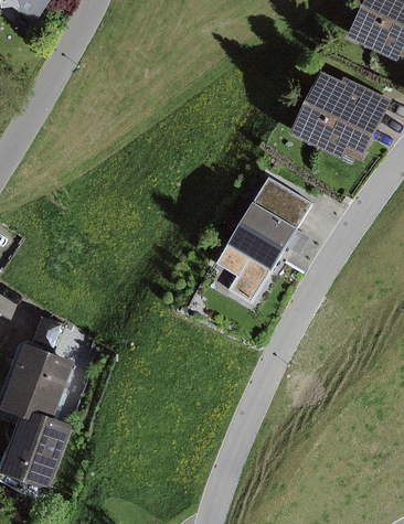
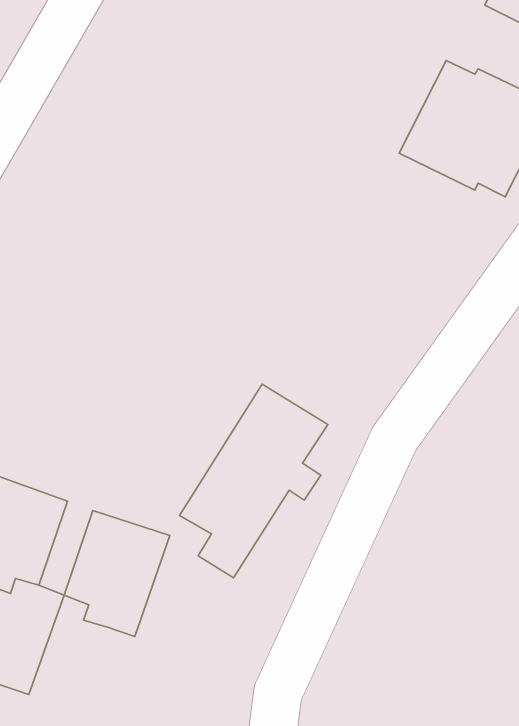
building: [215,178,312,304] -> [180,384,328,578]
building: none -> [64,511,170,637]

